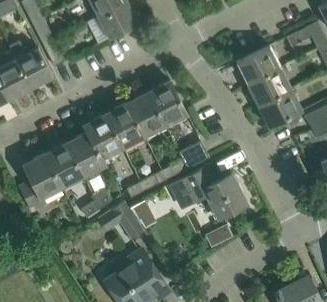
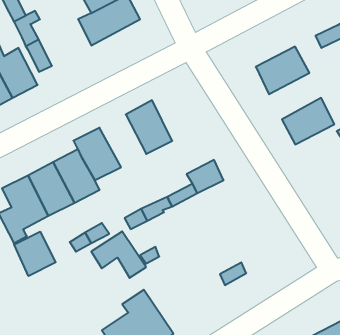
building: [247,68,291,107] -> none
building: [149,81,187,125] -> none
building: [105,103,144,147] -> none
building: [169,168,246,218] -> none
building: none -> [14,232,56,276]

